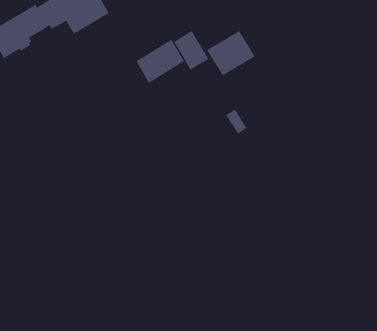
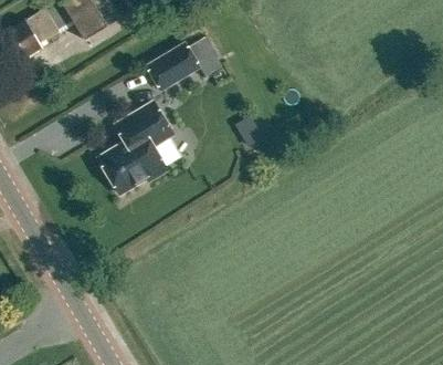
building: [206,30,256,76] -> none
building: none -> [98,103,172,194]

